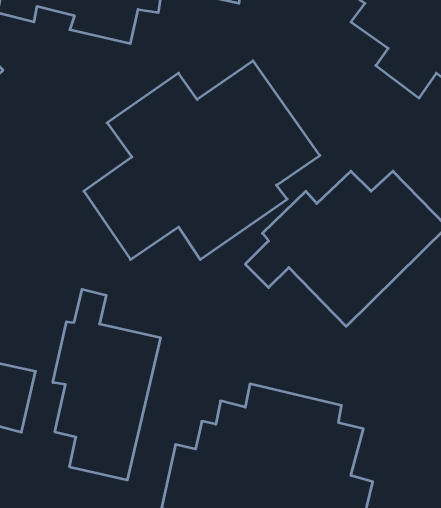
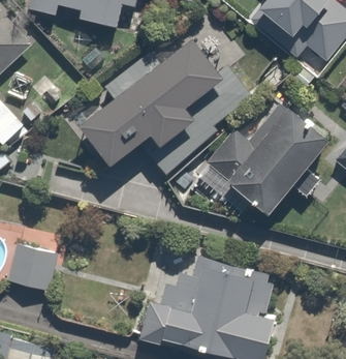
building: [53,289,160,480] -> none

